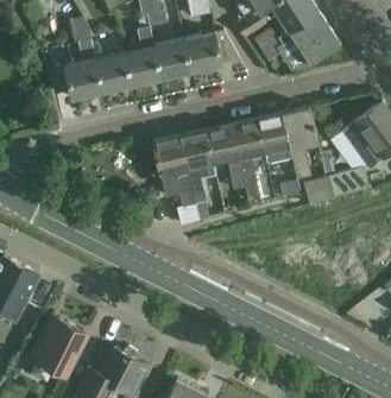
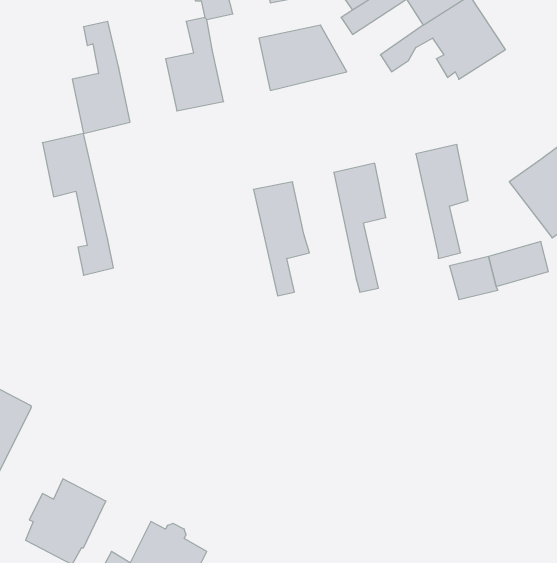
building: [153,39,190,80] -> none
building: [94,52,131,93] -> none
building: [257,113,297,179] -> none
building: [204,125,245,195] -> none
building: [153,135,198,226] -> [42,133,113,275]

